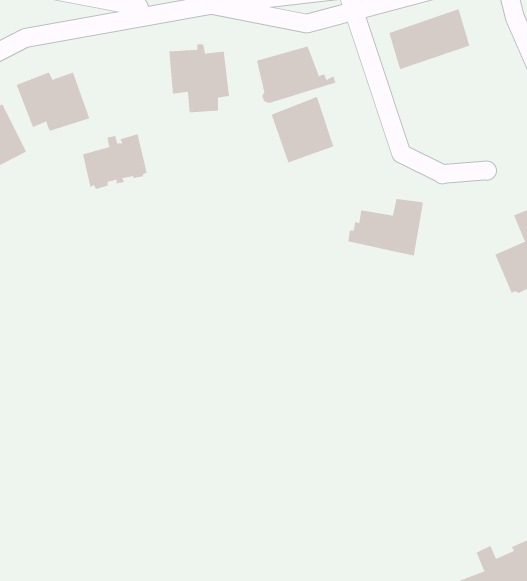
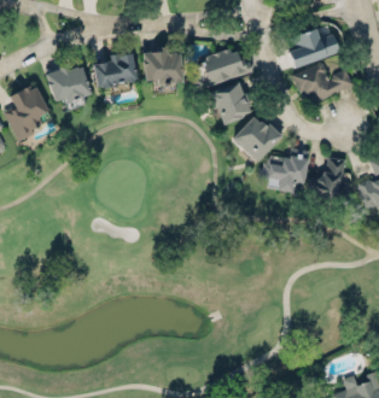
building: none -> [293,63,354,106]
building: [82,134,148,190] -> [94,55,136,92]
building: none -> [232,115,280,163]
building: none -> [307,157,351,203]

